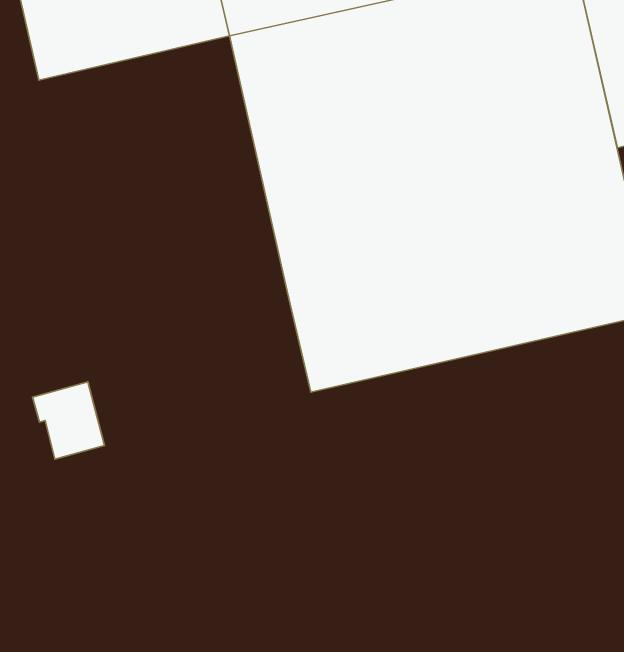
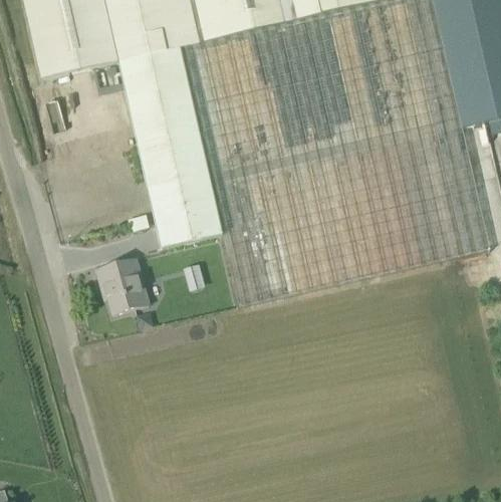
building: none -> [119,45,222,246]
building: [33,382,104,459] -> [96,256,149,312]

